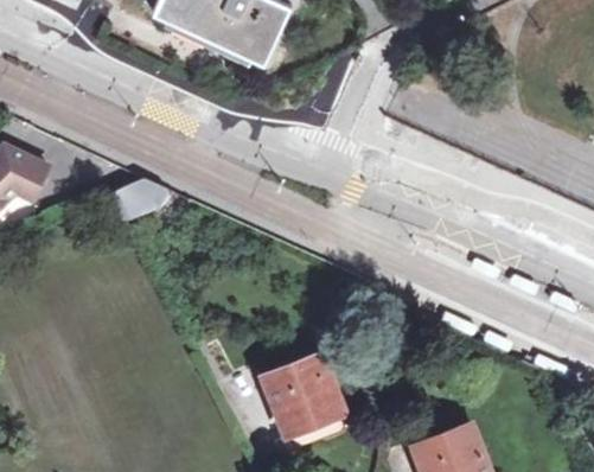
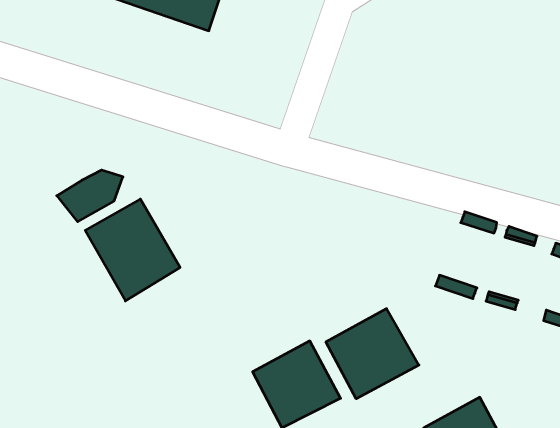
building: none -> [85,199,180,301]
building: none -> [326,309,419,399]

